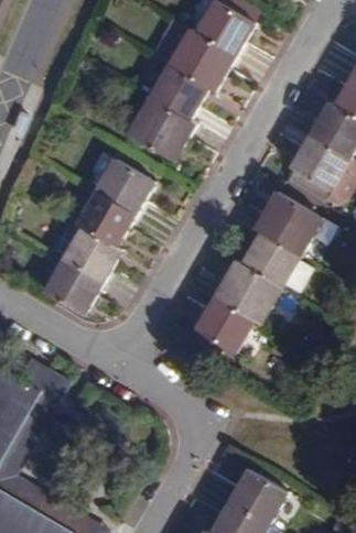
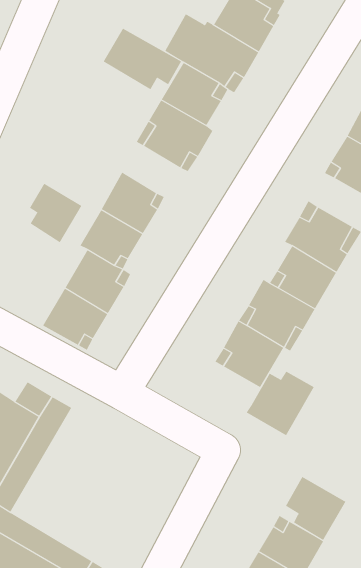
building: none -> [103,28,182,90]
building: none -> [29,183,82,243]
building: none -> [246,371,314,436]
building: none -> [285,476,346,541]

